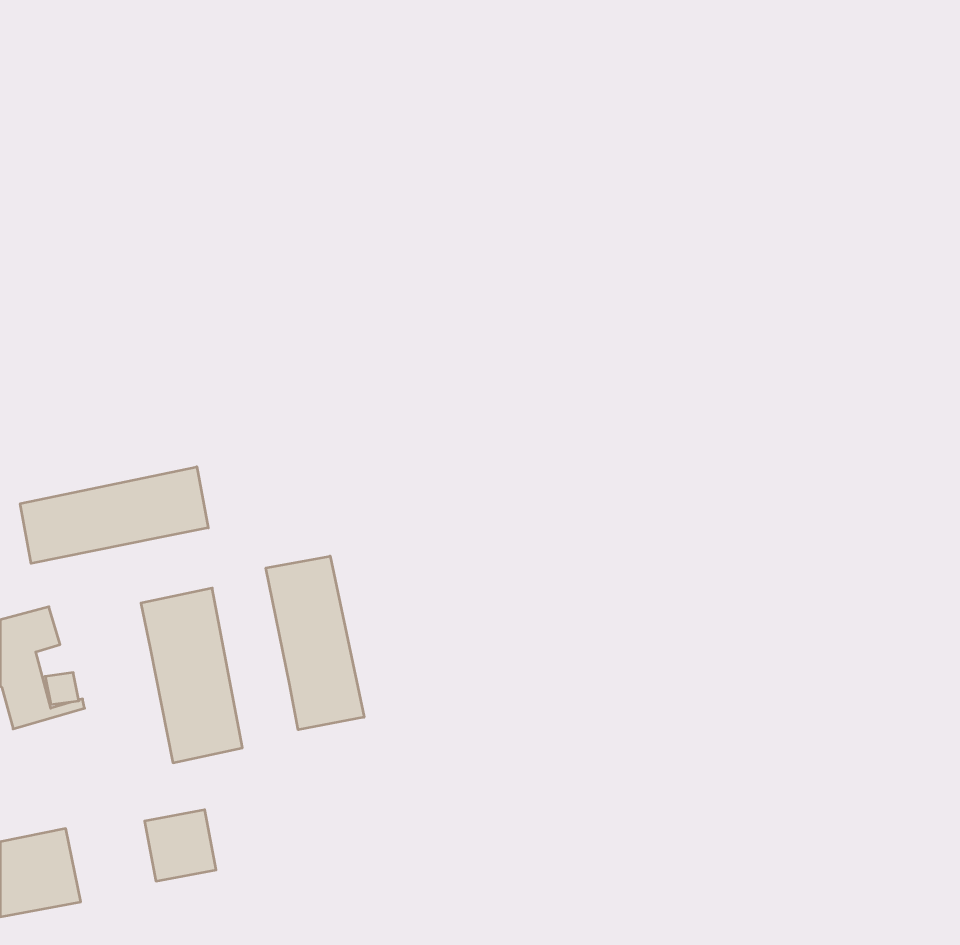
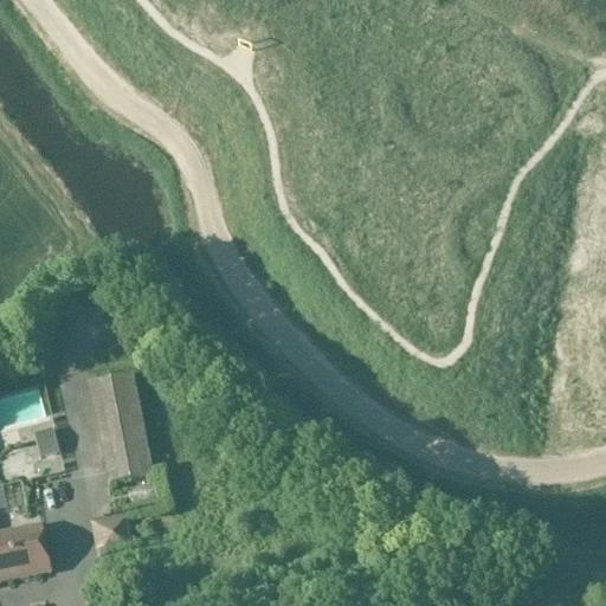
building: [20,467,208,563] -> none
building: [266,556,364,730] -> none

